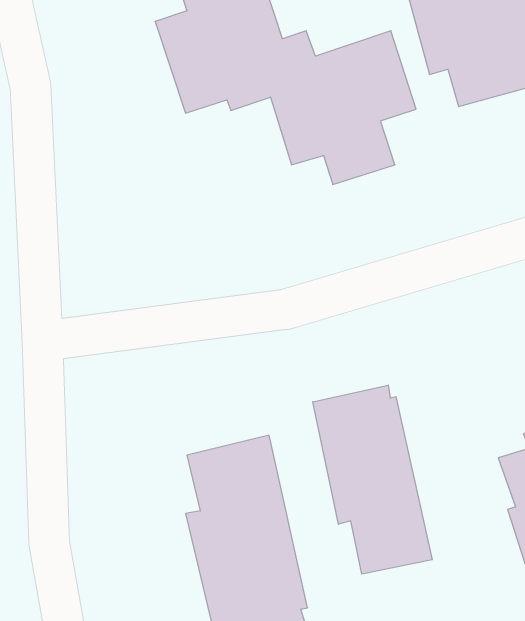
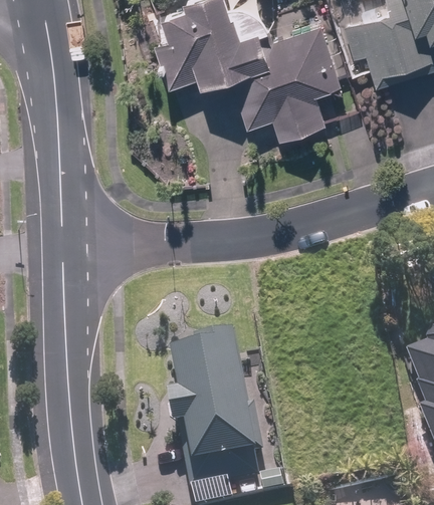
building: [313,385,432,574] -> none

